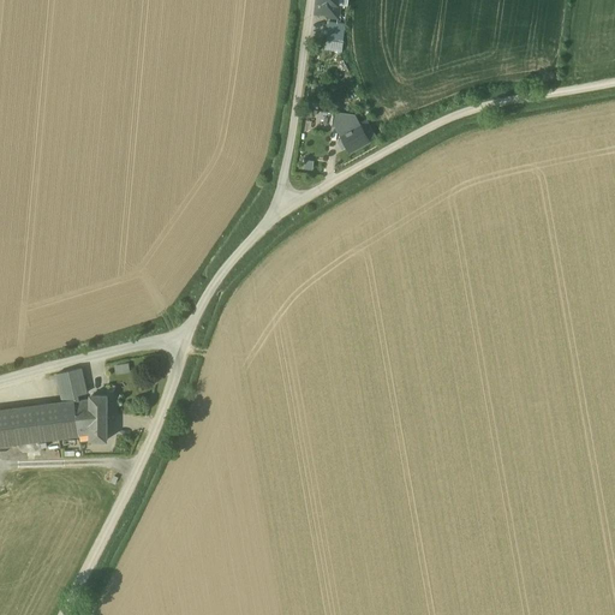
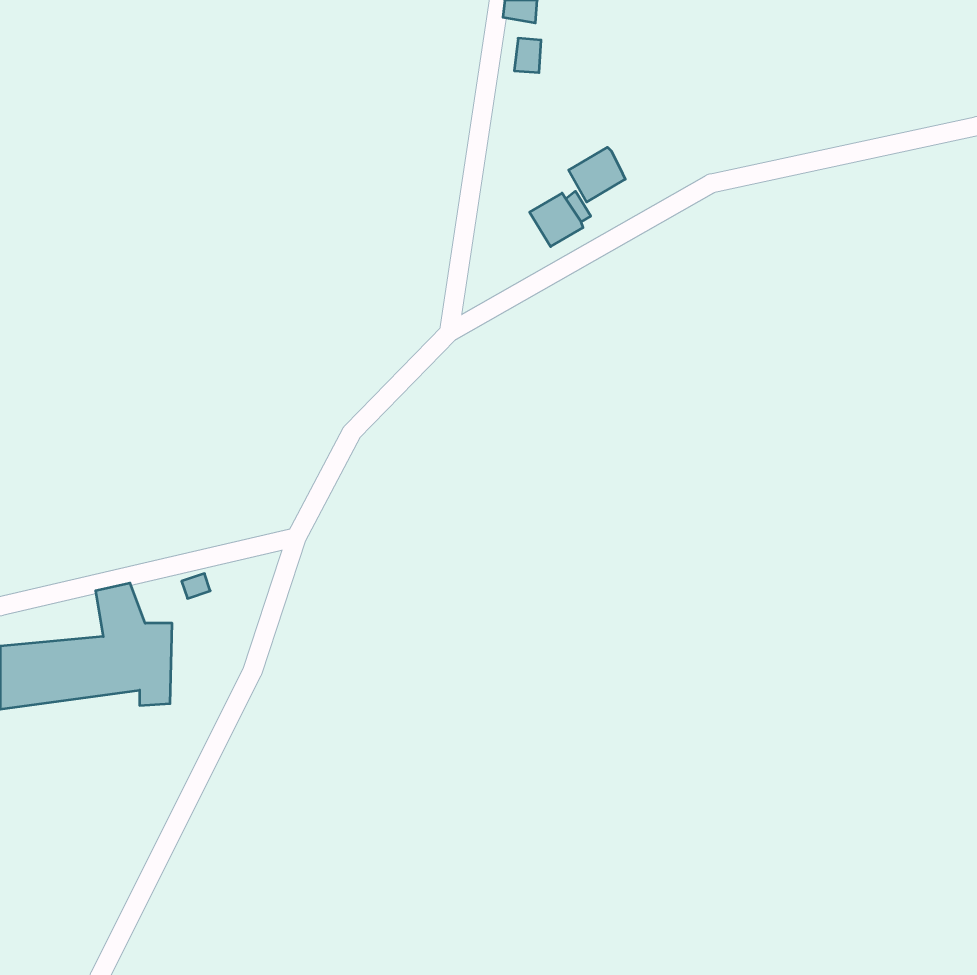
building: none -> [569,147,625,202]

